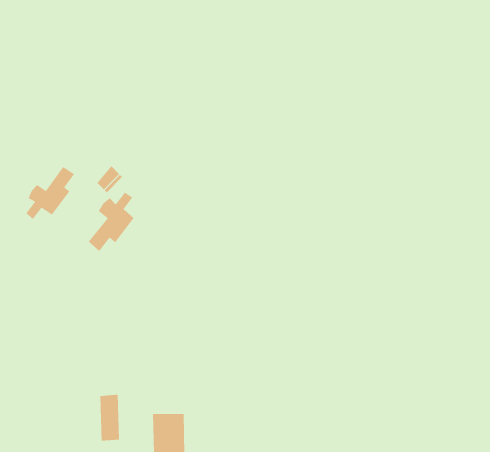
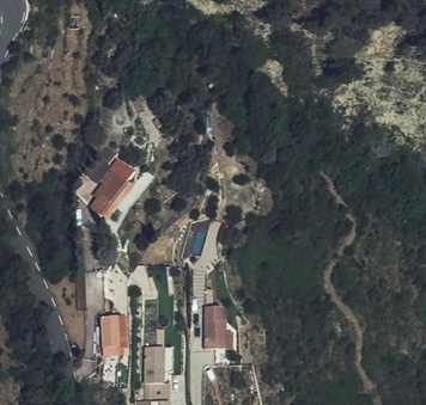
building: [25,166,75,220] -> none
building: none -> [208,307,229,349]

